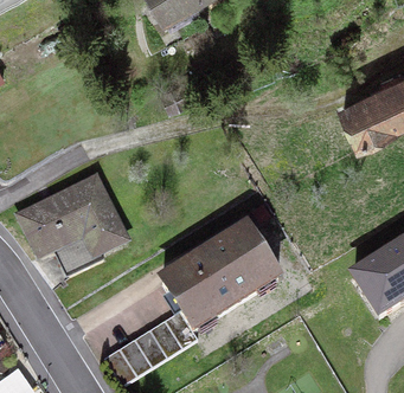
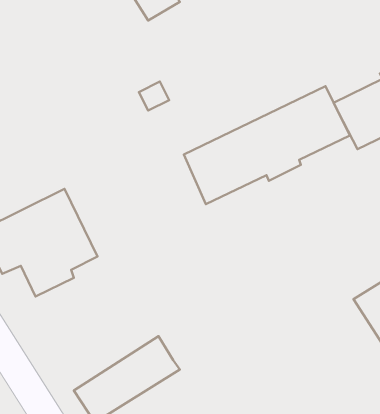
building: none -> [184,86,350,204]
building: [161,232,276,334] -> none

